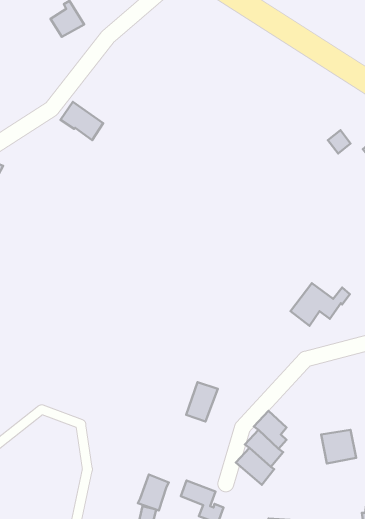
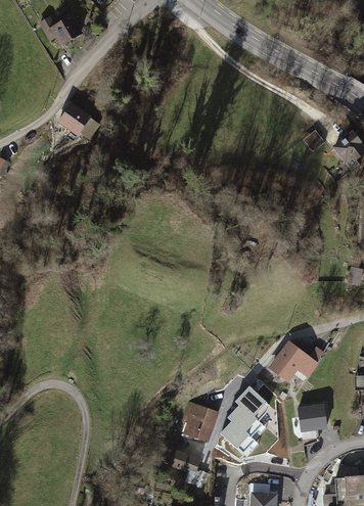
building: [290,283,350,326] -> [269,342,323,381]
building: [186,382,218,422] -> [187,405,216,441]
building: [138,475,169,511] -> none

